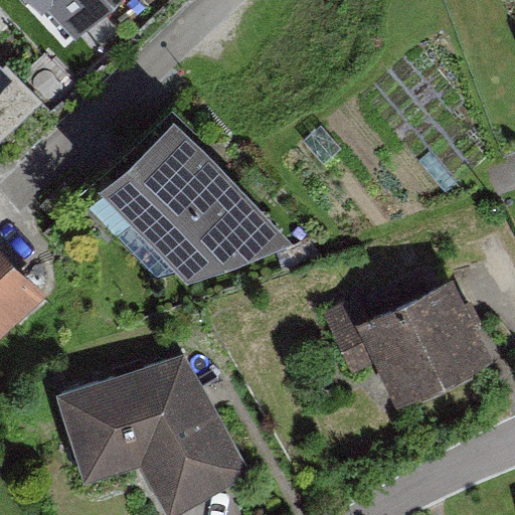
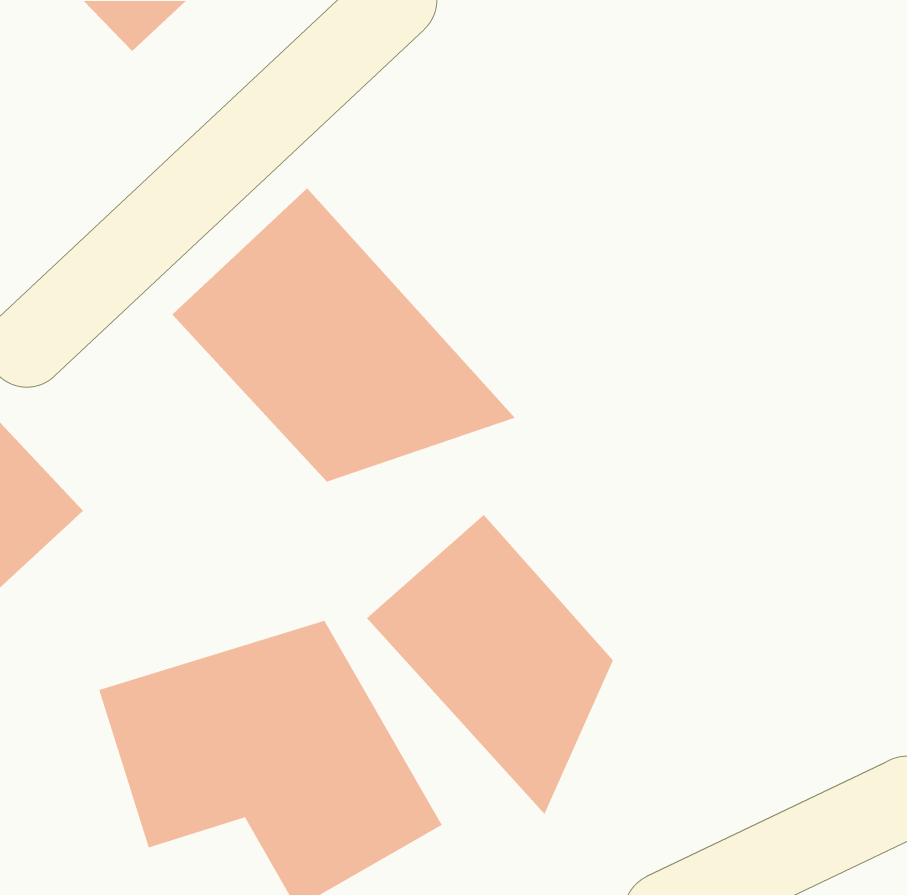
building: [354,278,493,410] -> none
building: none -> [366,514,614,815]

